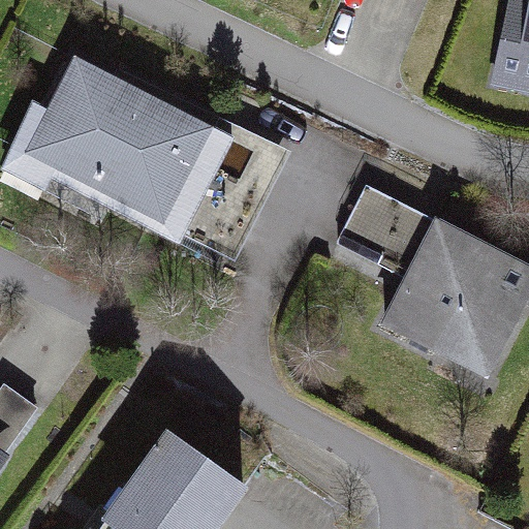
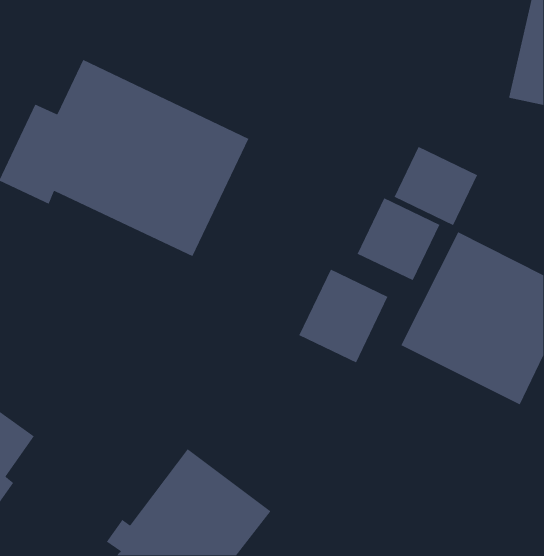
building: none -> [393,146,478,226]
building: none -> [298,269,389,364]

